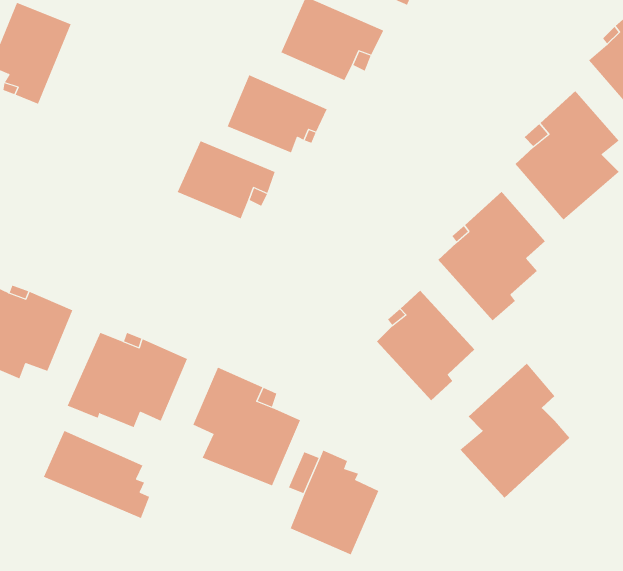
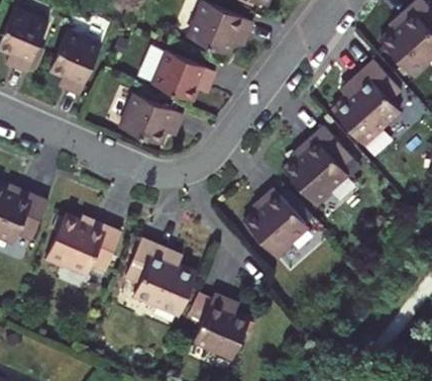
building: none -> [51,27,104,93]
building: [459,363,570,498] -> none
building: [43,430,150,519] -> none

